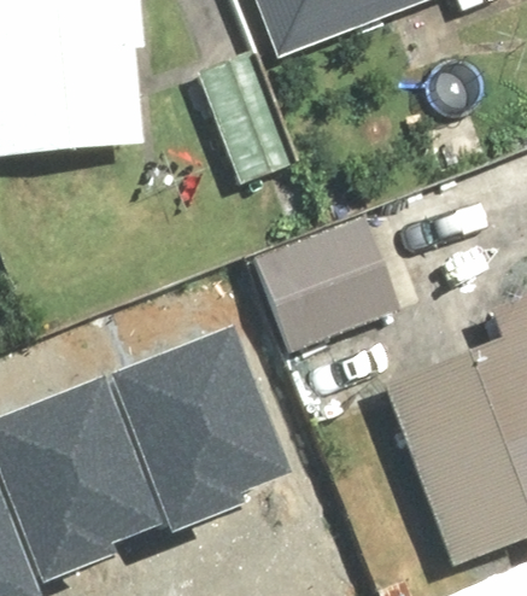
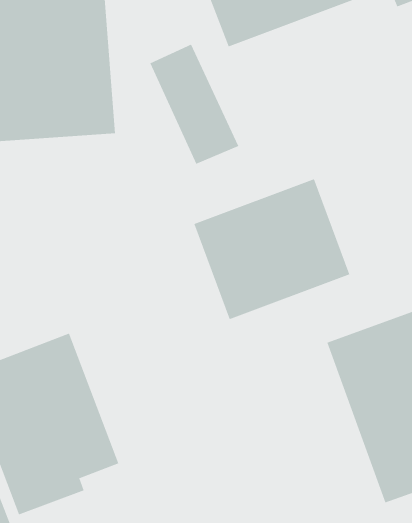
building: [113,325,286,528] -> none

